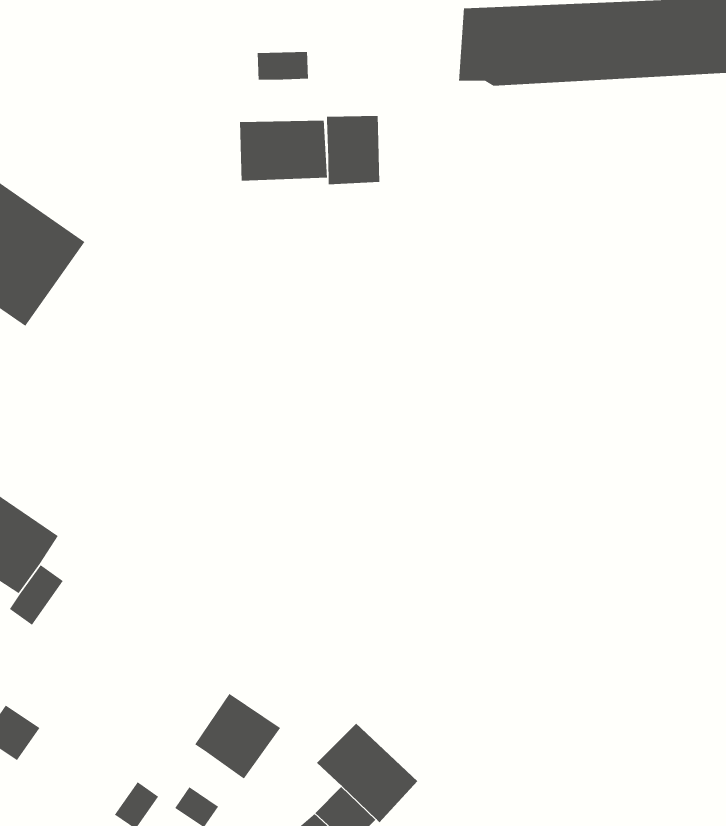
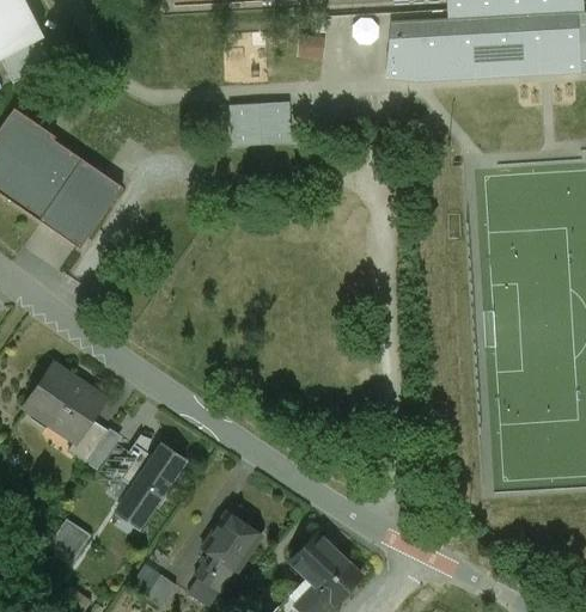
building: [257,51,309,81] -> none
building: [326,115,380,185] -> none
building: none -> [114,435,185,525]
building: none -> [193,552,233,592]

